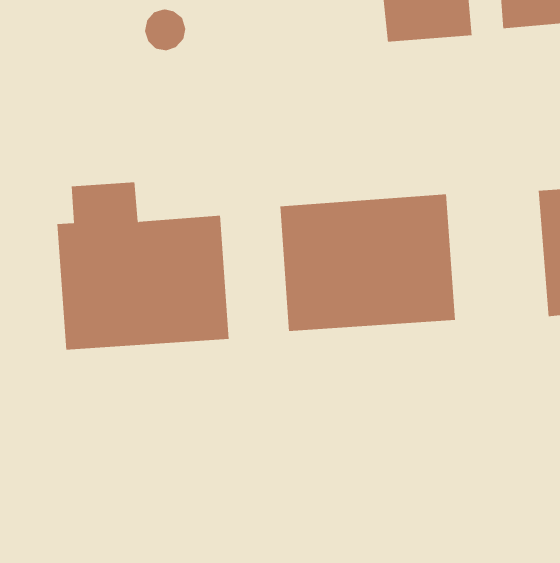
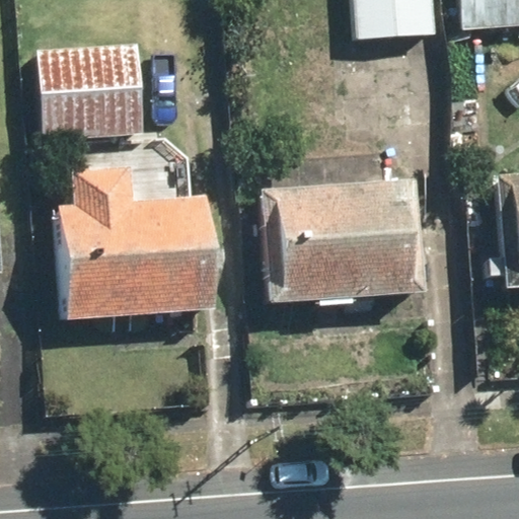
building: none -> [36,43,143,139]

